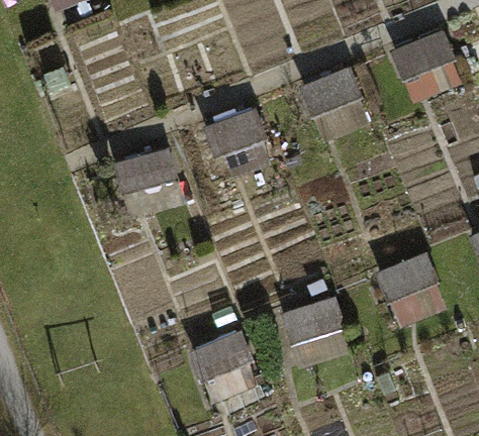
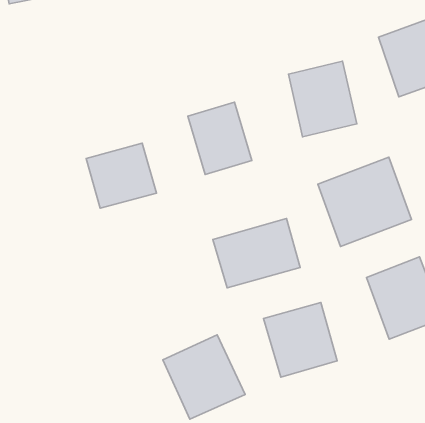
building: none -> [318,157,412,247]
building: none -> [213,218,300,288]

